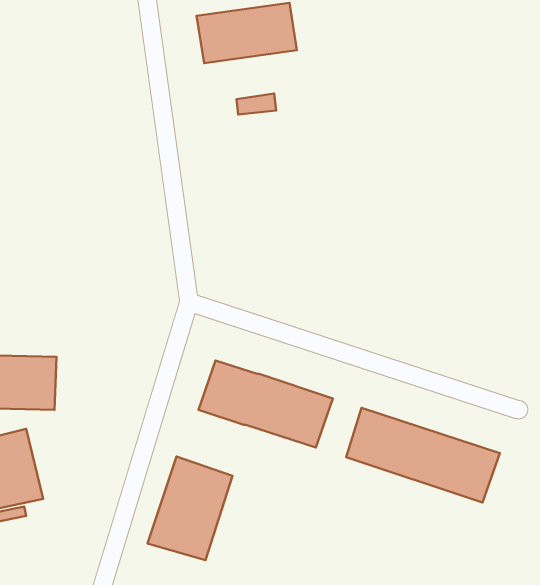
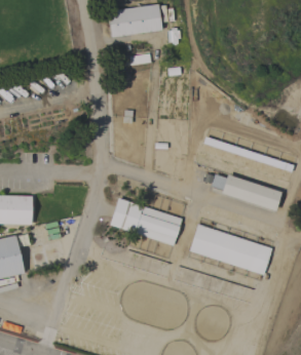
building: none -> [212,173,280,210]
building: [147,456,233,560] -> none

